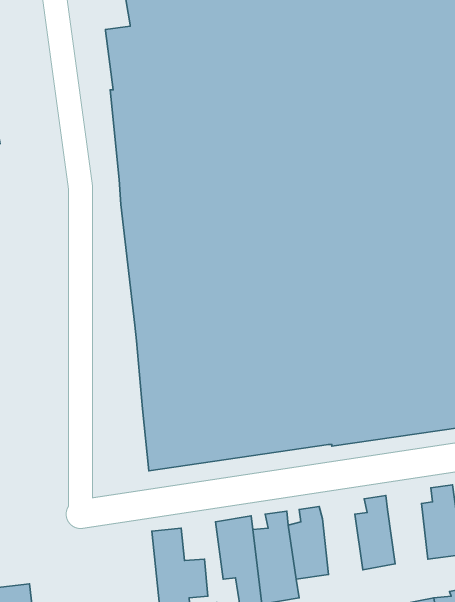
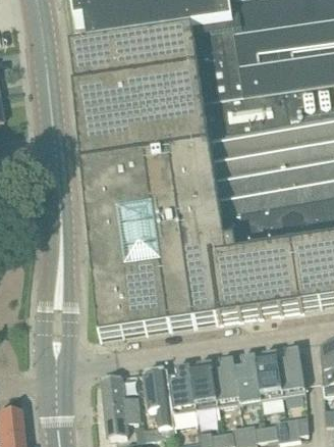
building: none -> [257,351,283,400]
building: none -> [214,358,240,407]

